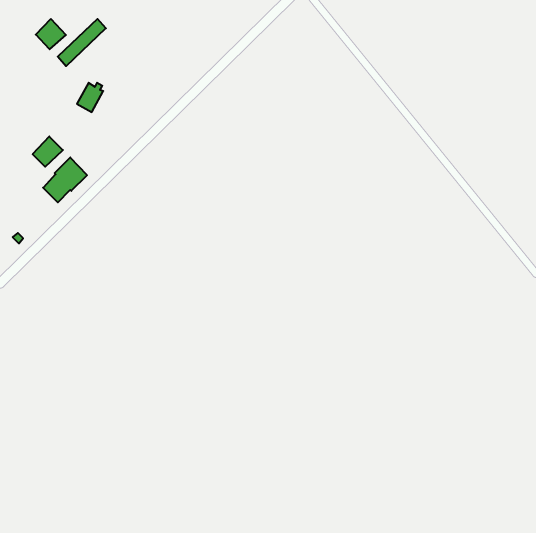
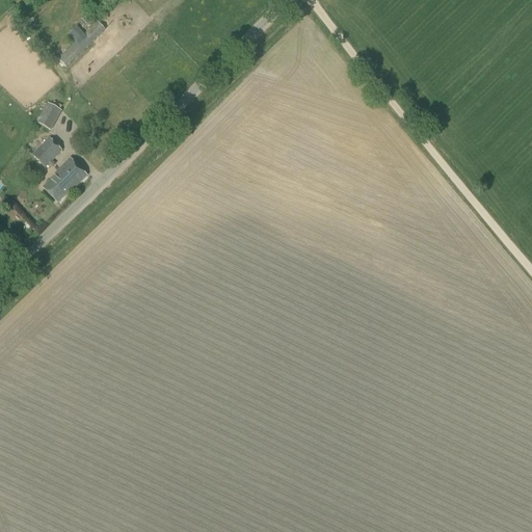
building: [36,19,66,49] -> none
building: [77,83,103,112] -> [36,100,62,129]

